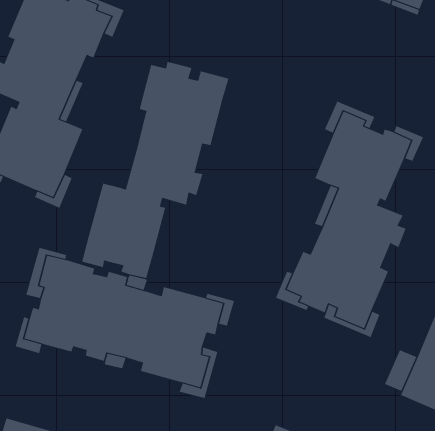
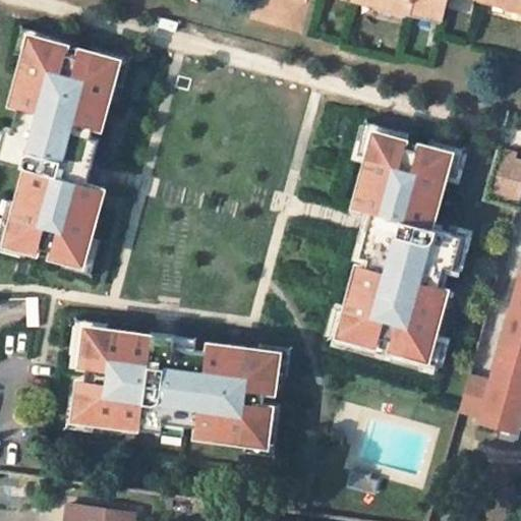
building: [81,61,229,279] -> none

